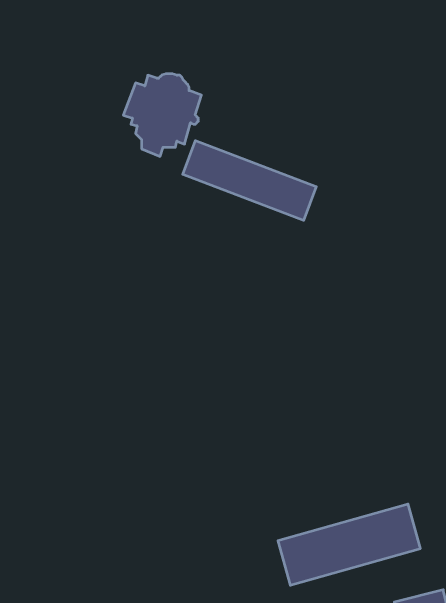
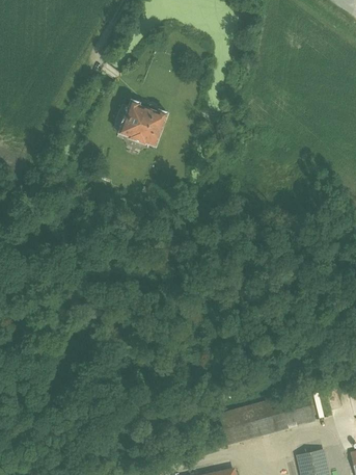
building: [183,141,316,220] -> none

